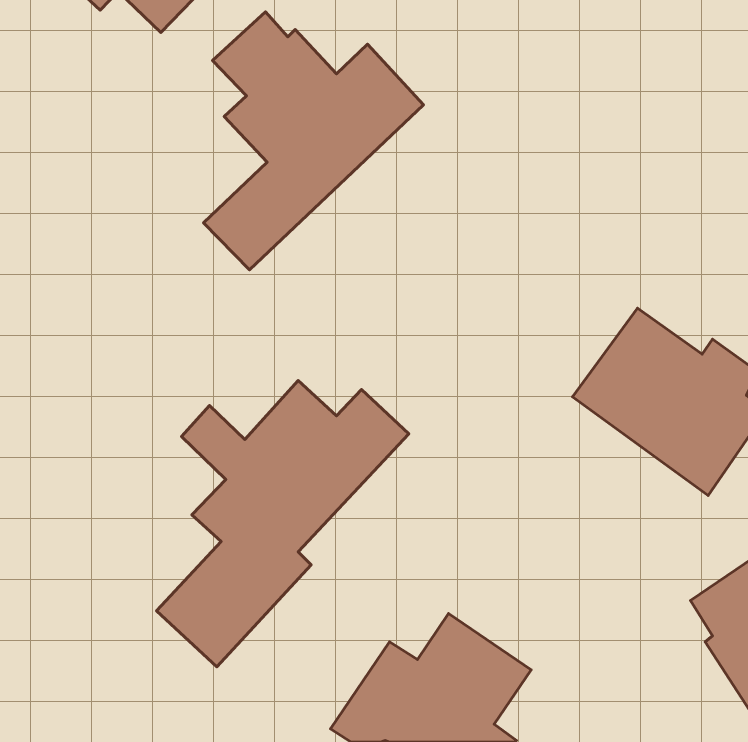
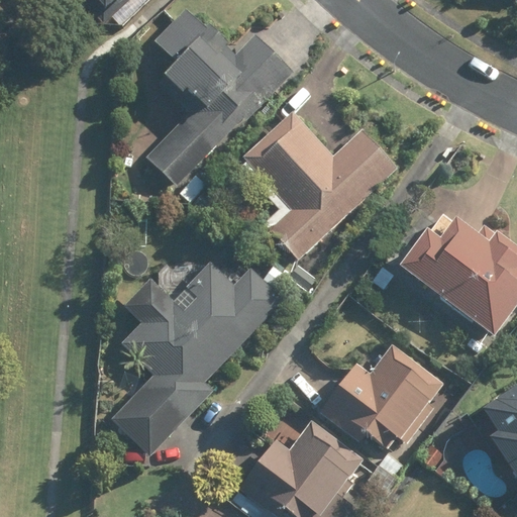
building: none -> [237,108,398,257]
building: none -> [319,341,447,446]

